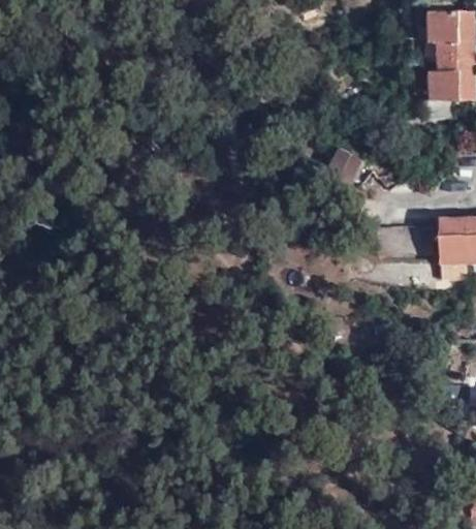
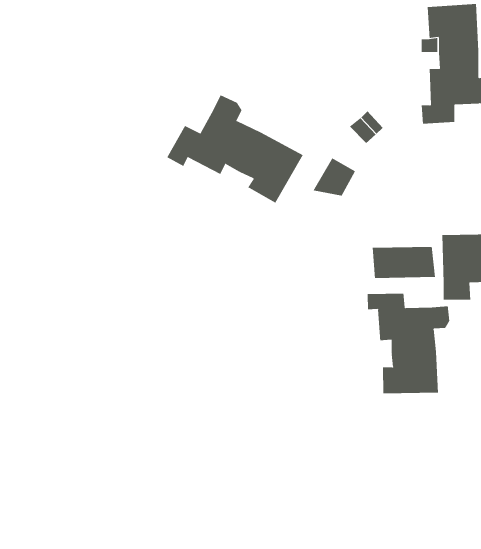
building: none -> [166,94,303,204]
building: none -> [367,293,450,394]

